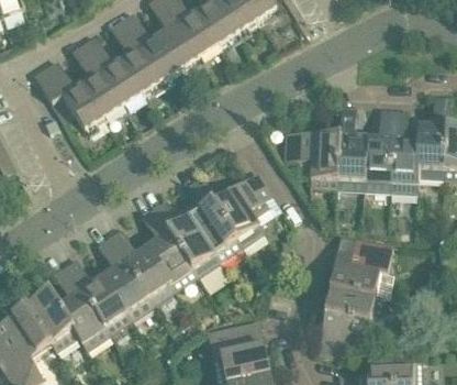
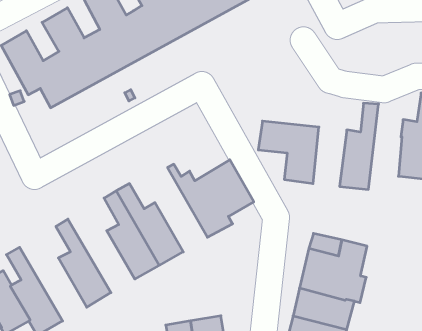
building: [336,105,365,187] -> none
building: [389,107,417,189] -> none
building: [183,176,239,259] -> none
building: [107,227,174,301] -> none
building: [63,256,130,331] -> none

